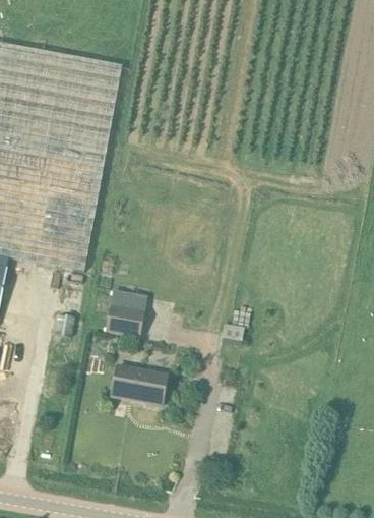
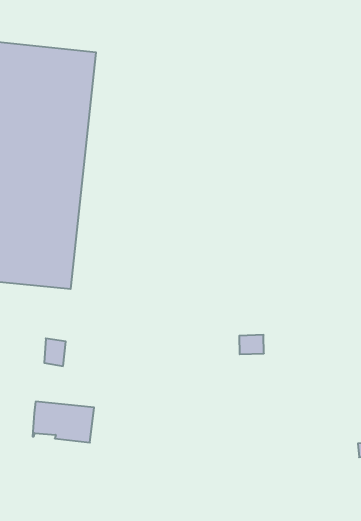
building: [105,290,147,338] -> none
building: [111,364,167,404] -> [33,402,94,443]

